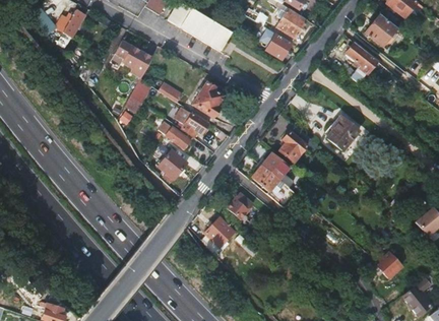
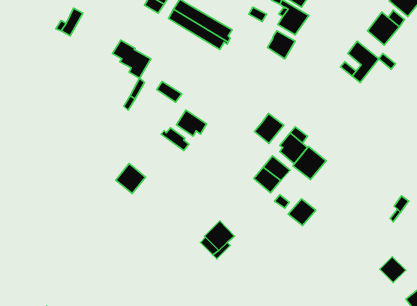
building: [192,82,223,118] -> none
building: none -> [254,114,284,144]
building: [327,118,360,150] -> [293,146,326,179]
building: [158,150,187,180] -> [116,164,146,194]
building: [227,194,254,220] -> [288,199,316,226]

